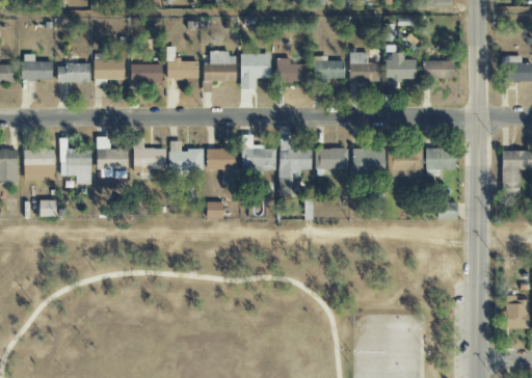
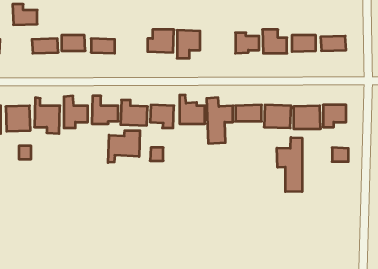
building: [167,47,198,79] -> none
building: [22,54,53,80] -> [13,4,37,25]
building: [276,58,309,82] -> none
building: none -> [108,131,140,163]
building: none -> [277,137,302,192]

